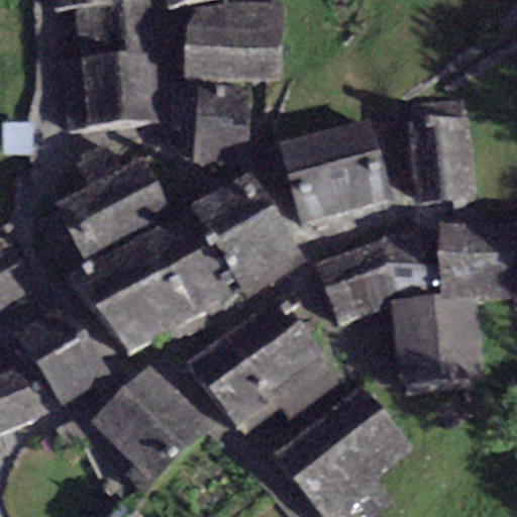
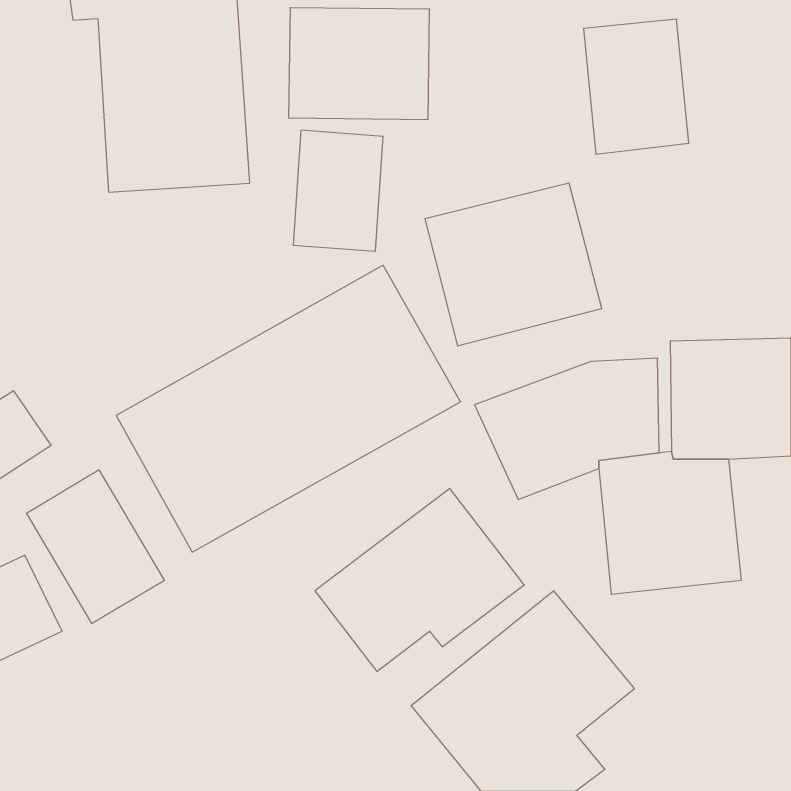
building: [406,114,475,202] -> [583,19,689,154]
building: [54,159,171,257] -> none
building: [91,367,207,483] -> none

